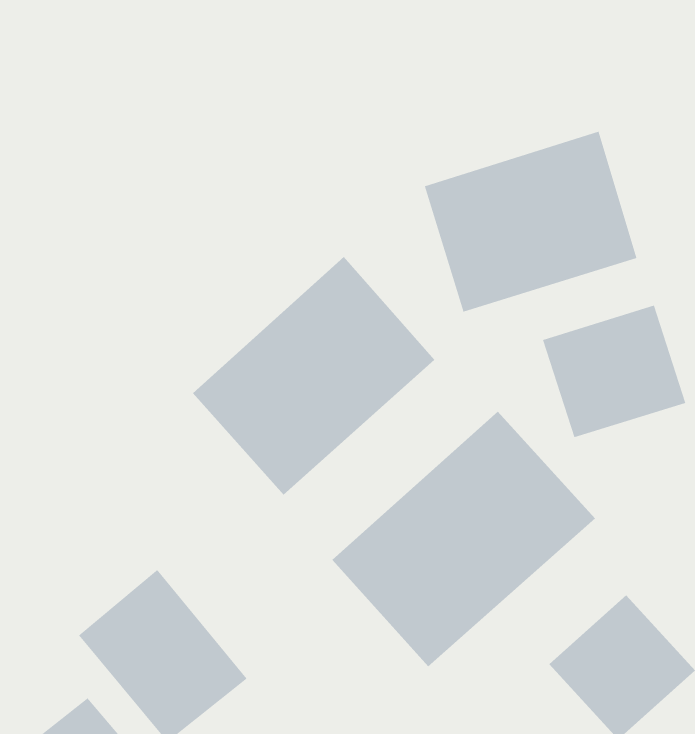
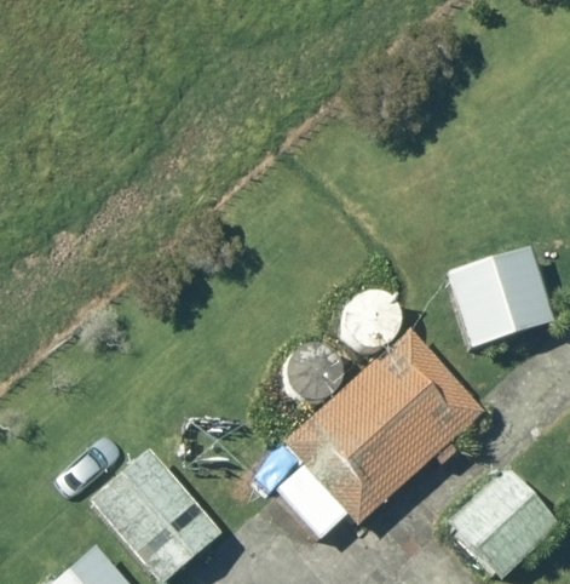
building: [424,131,637,312] -> none
building: [192,256,435,495] -> none

